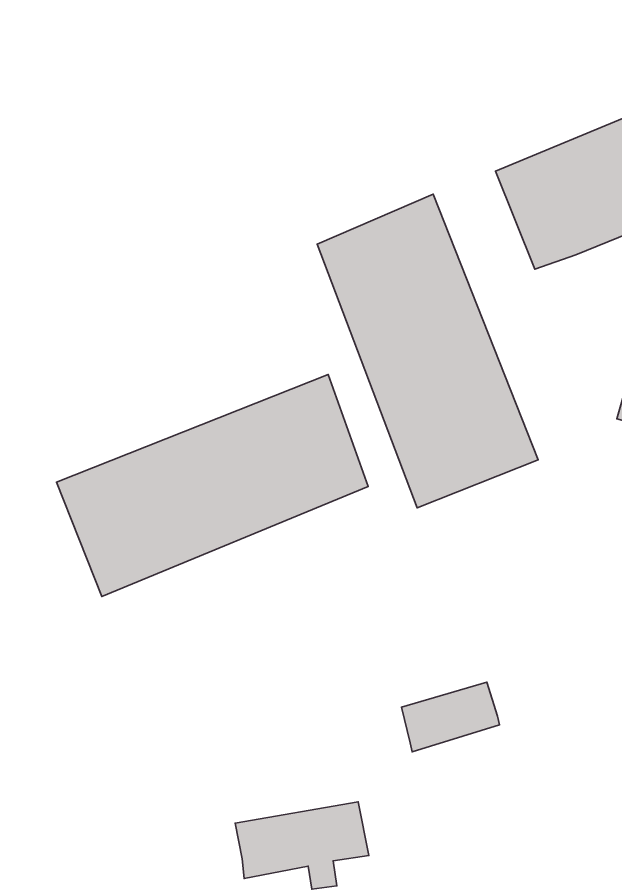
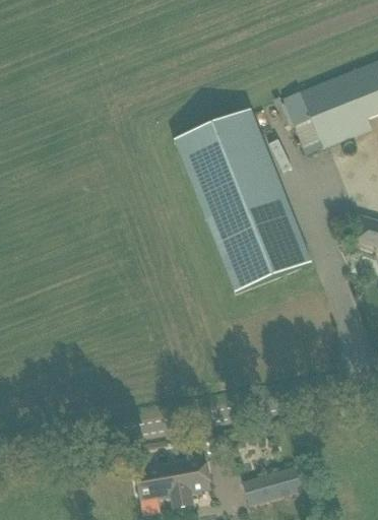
building: [56,375,368,597] -> none
building: [401,682,499,752] -> [244,466,300,506]

